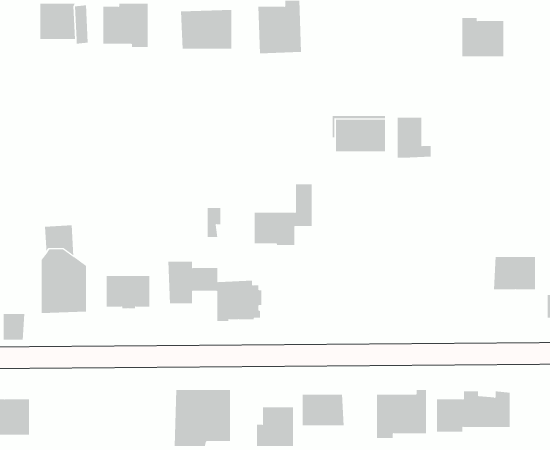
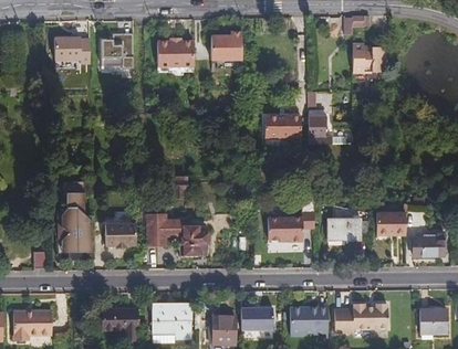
building: [254,184,312,246] -> [272,198,313,241]
building: none -> [325,219,368,241]
building: none -> [104,309,138,340]

